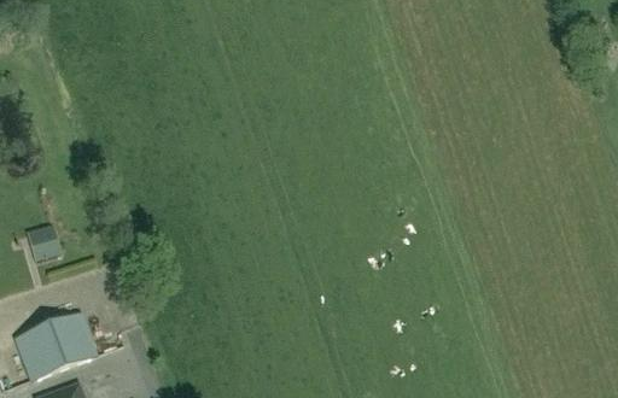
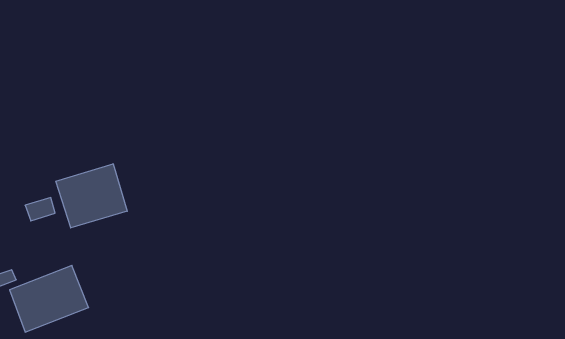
building: none -> [56,164,127,228]

